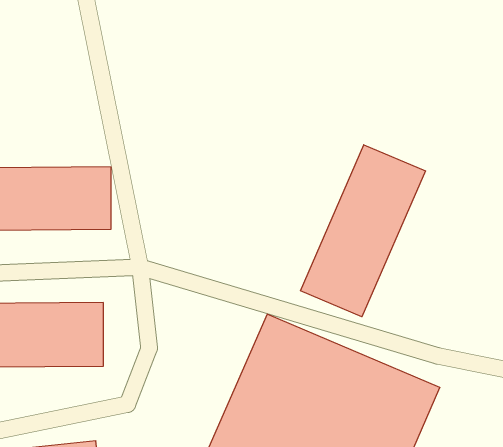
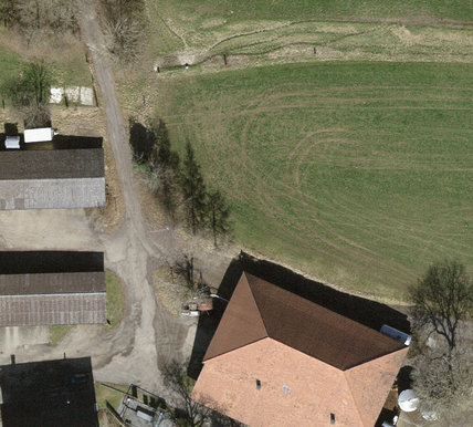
building: [300,145,425,317] -> none

